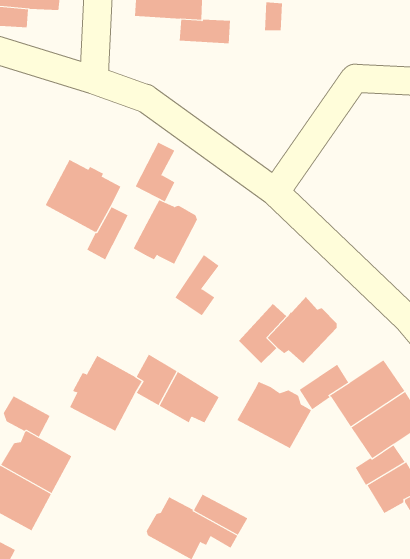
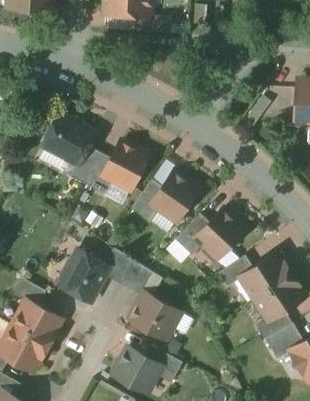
building: [135,142,175,202] -> [83,152,111,194]
building: none -> [150,171,198,218]
building: [237,381,312,449] -> [128,292,180,339]

